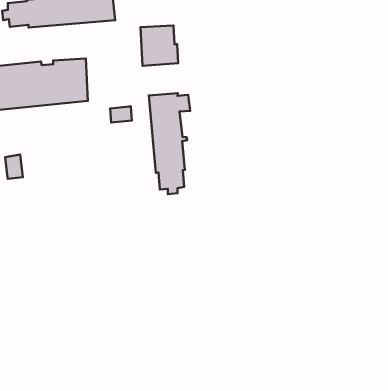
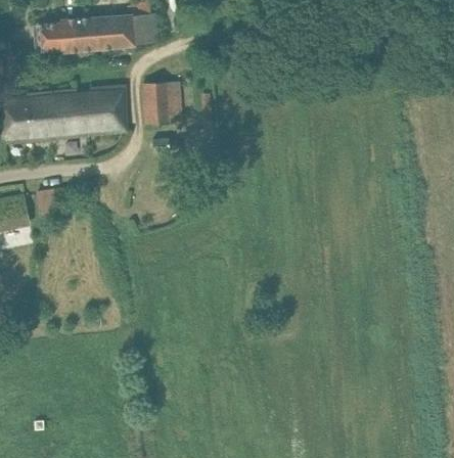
building: [141,25,178,66] -> [143,81,184,125]
building: [149,93,190,194] -> none

